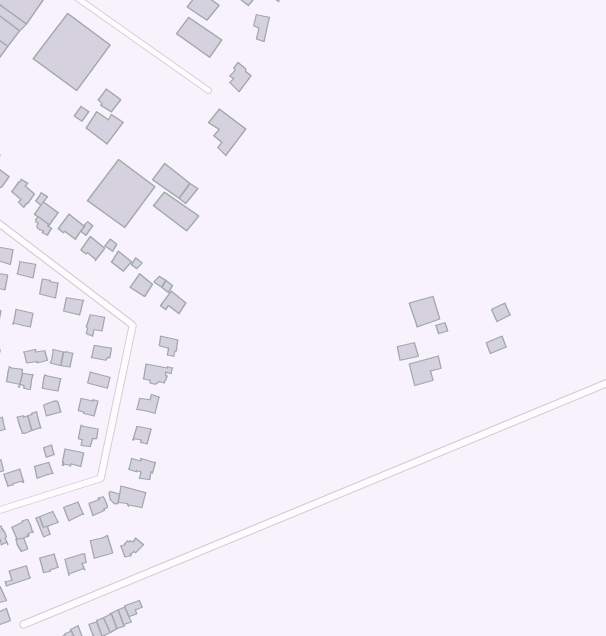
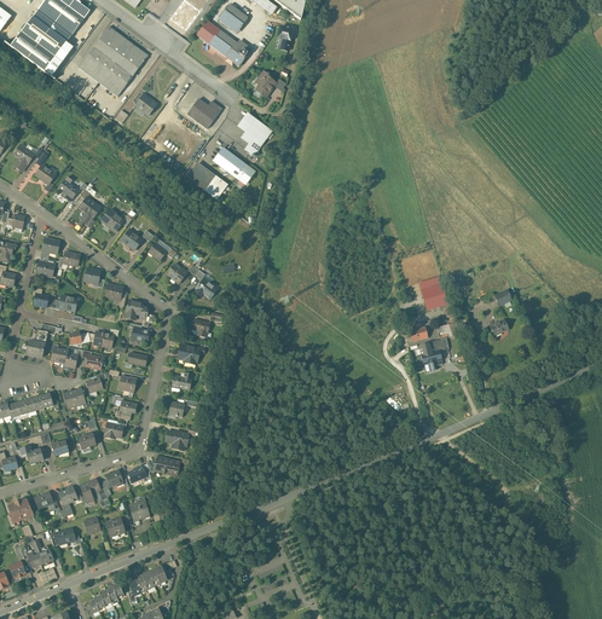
building: [86,112,123,144] -> [187,98,221,127]
building: [87,160,155,227] -> none
building: [153,192,199,231] -> [213,147,254,183]

